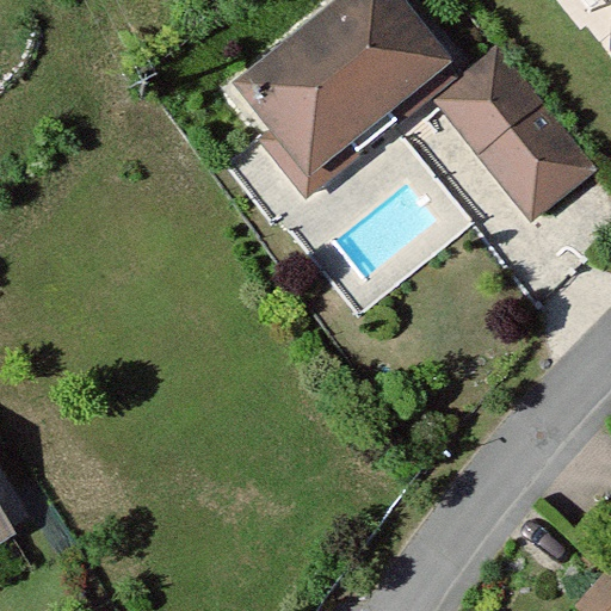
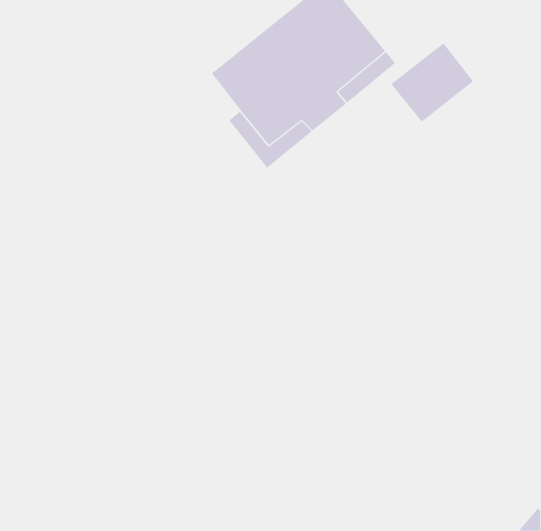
building: [471,91,582,204] -> none

